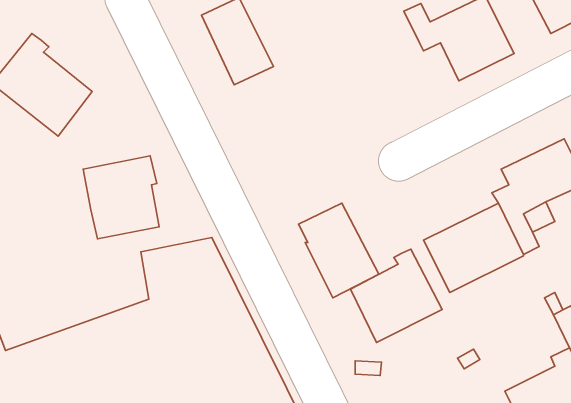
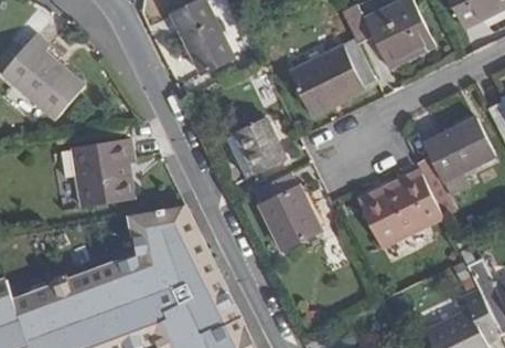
building: none -> [288,38,377,116]
building: none -> [235,118,283,172]
building: [350,249,442,342] -> none

